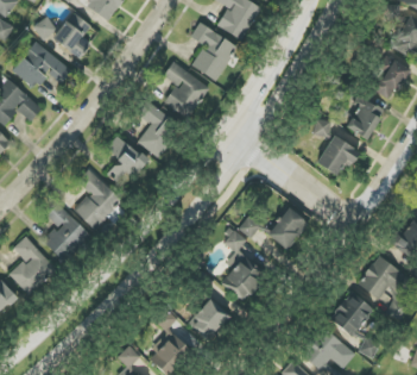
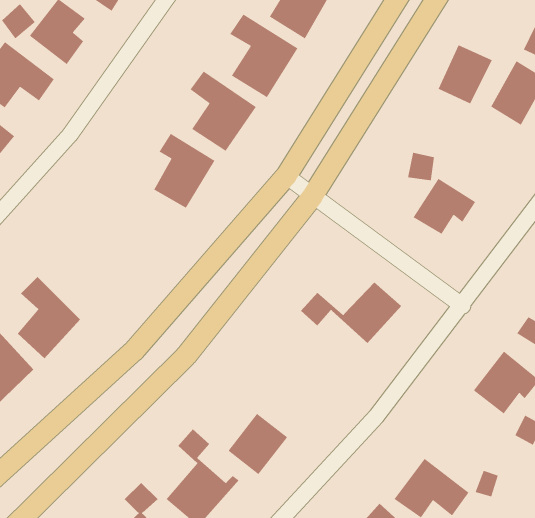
building: [346,98,384,139] -> [438,44,493,105]
building: [106,137,146,188] -> none
building: [74,169,122,230] -> none
building: [222,229,265,300] -> none
building: [330,292,374,337] -> none

